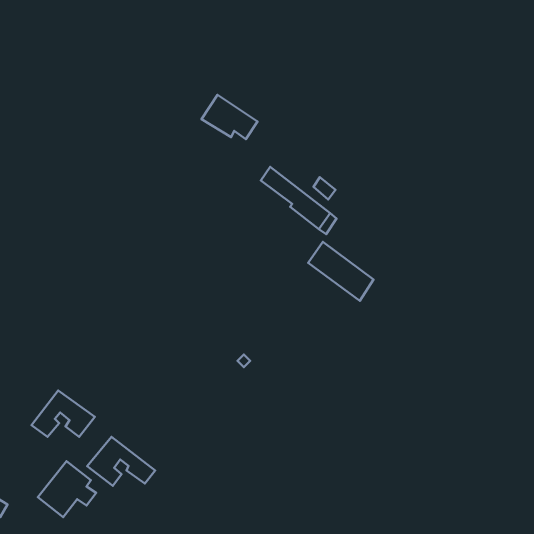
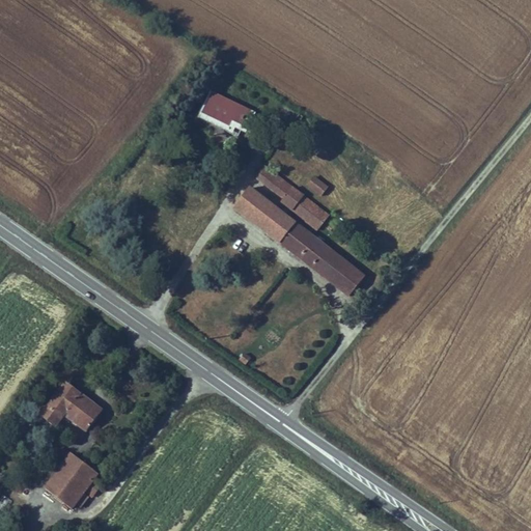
building: none -> [236,188,317,258]
building: [87,437,155,486] -> none

